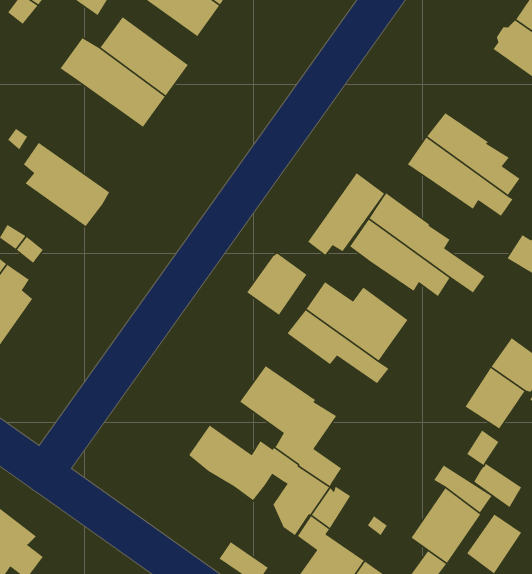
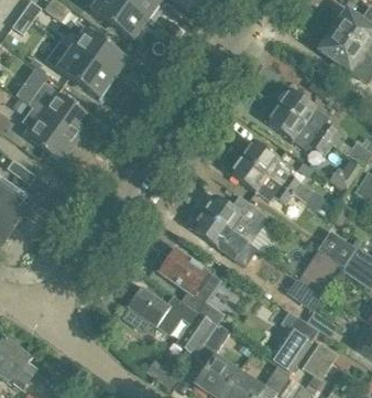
building: none -> [29,82,92,139]
building: [307,172,385,256] -> none
building: [246,252,308,316] -> none

